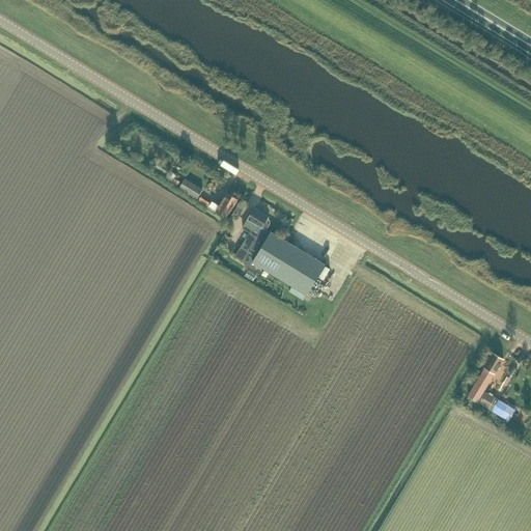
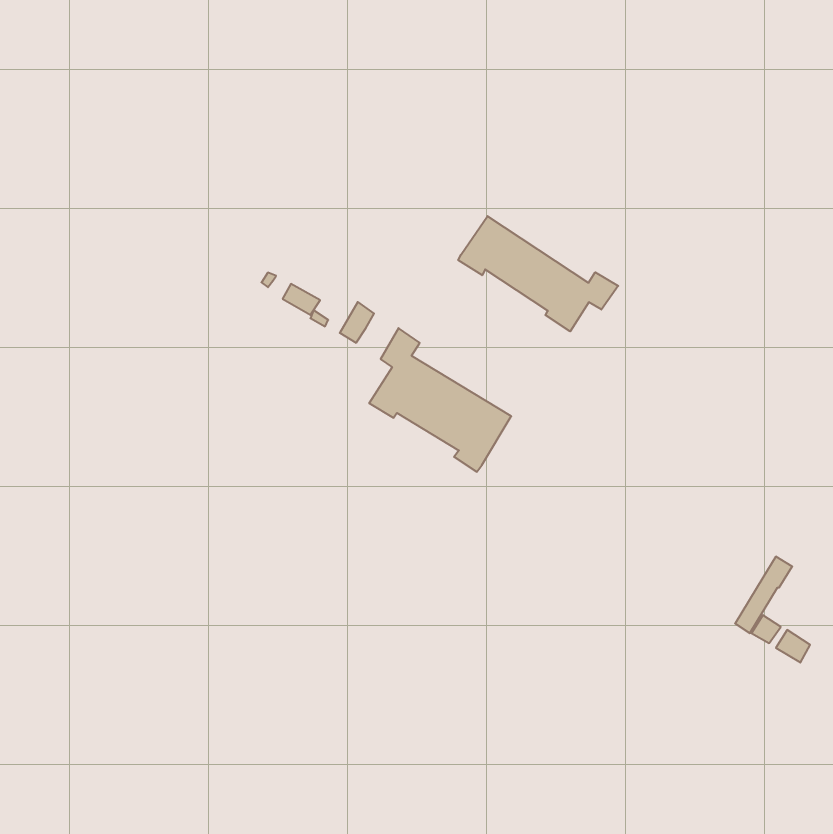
building: none -> [458,216,618,331]

